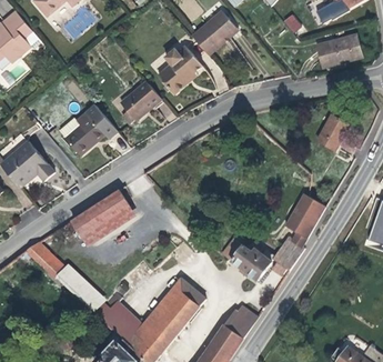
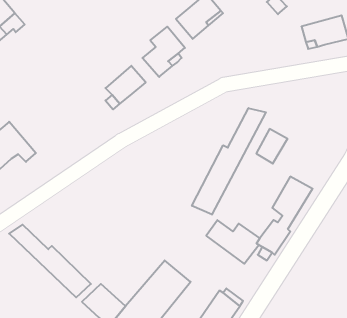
building: [58,104,115,154] -> none
building: [318,114,349,149] -> [256,129,288,164]
building: none -> [192,108,266,215]
building: [71,189,134,245] -> none

